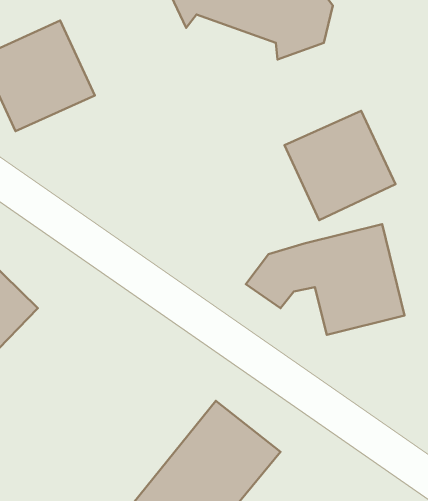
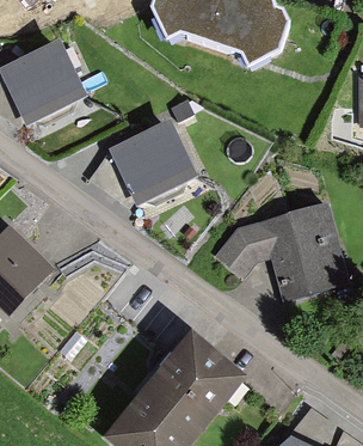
building: [285,111,395,220] -> [112,118,201,206]

